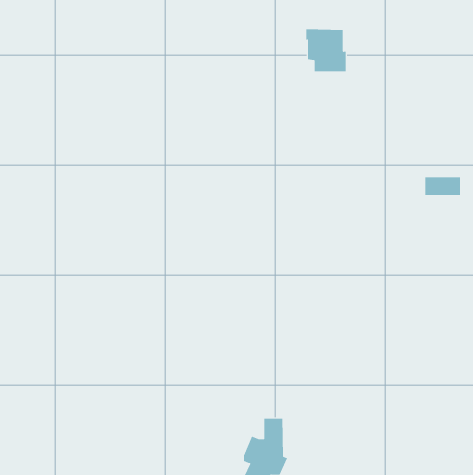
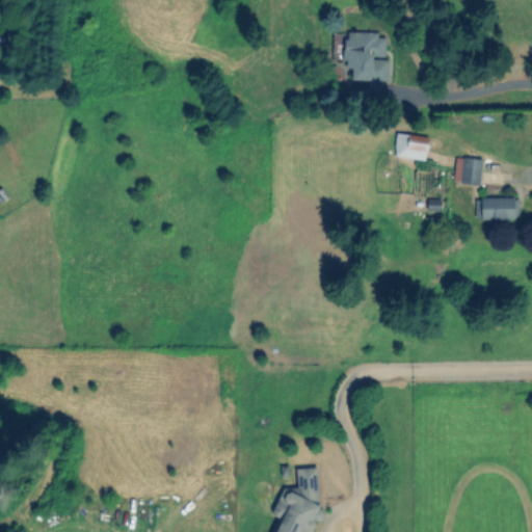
building: none -> [396,134,429,160]
building: none -> [455,157,483,184]

